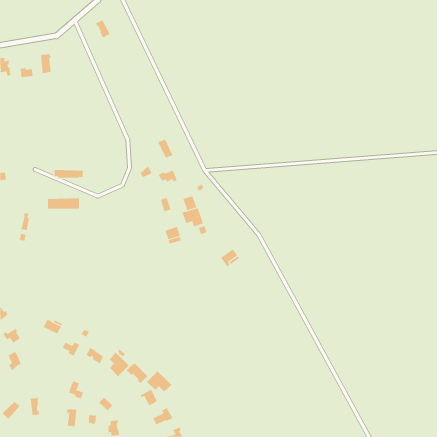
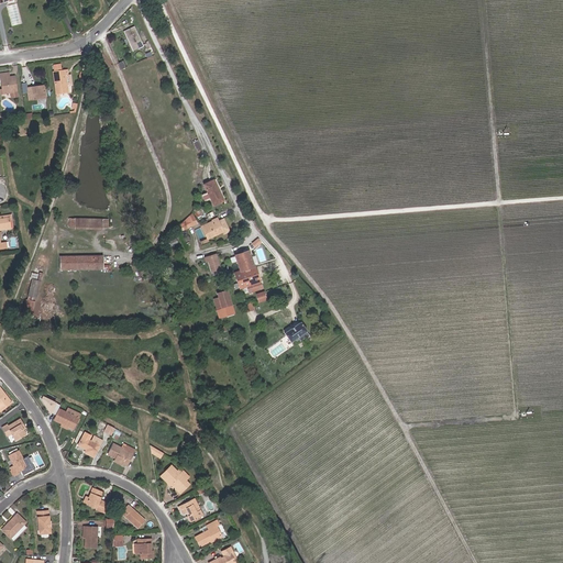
building: [109,352,130,377] -> none
building: [146,370,172,392] -> none

